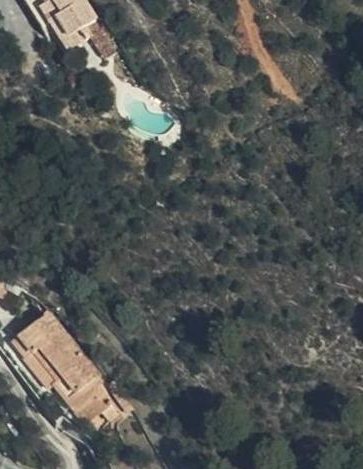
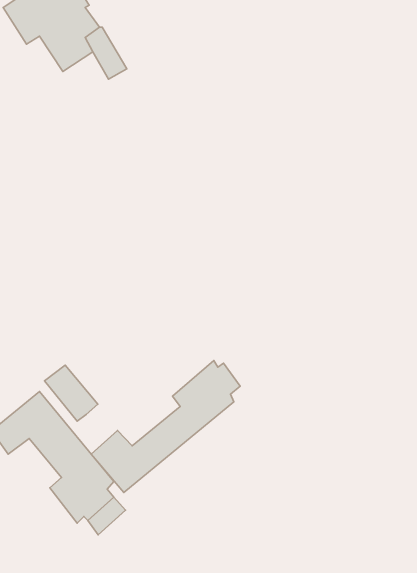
building: none -> [91,361,240,493]
building: [25,345,66,388] -> [44,365,98,421]

